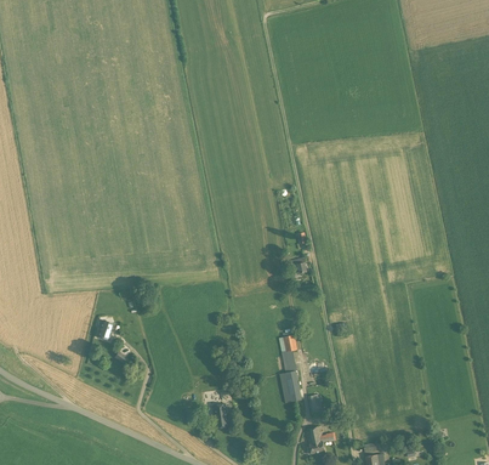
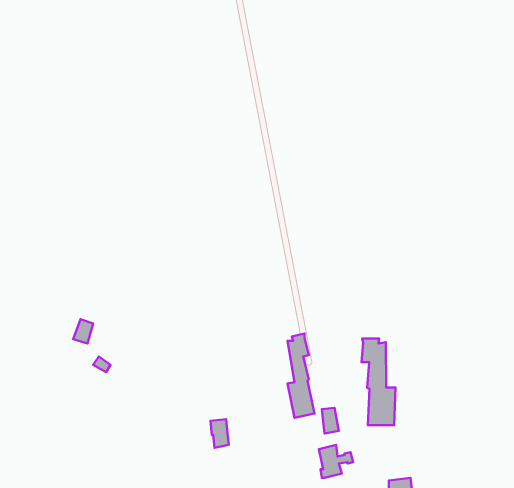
building: none -> [362,338,396,425]

